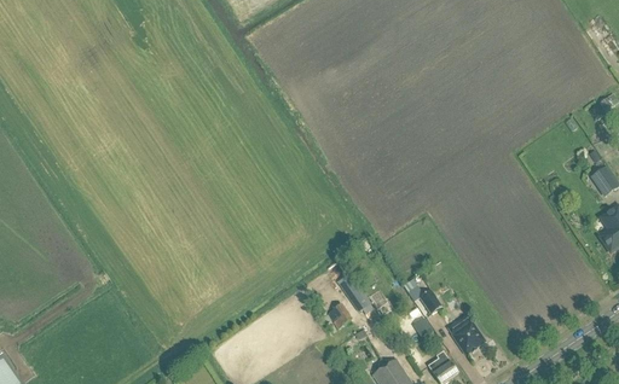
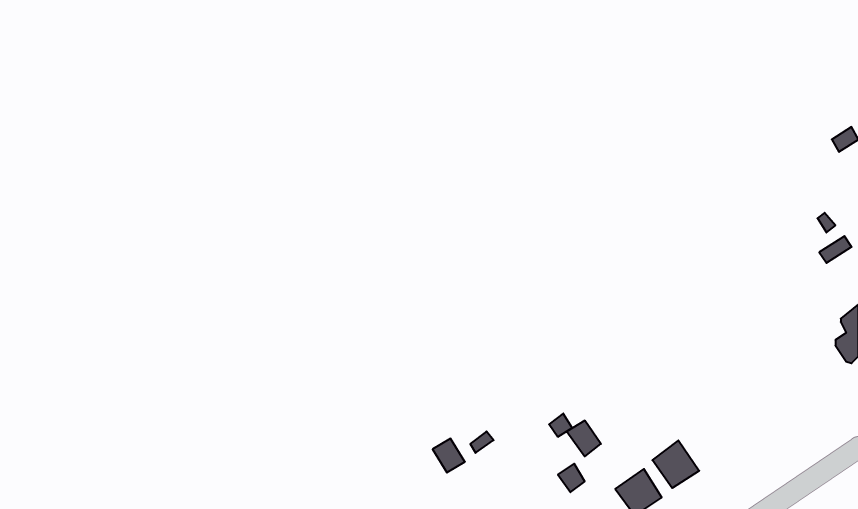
building: none -> [652,440,699,488]

